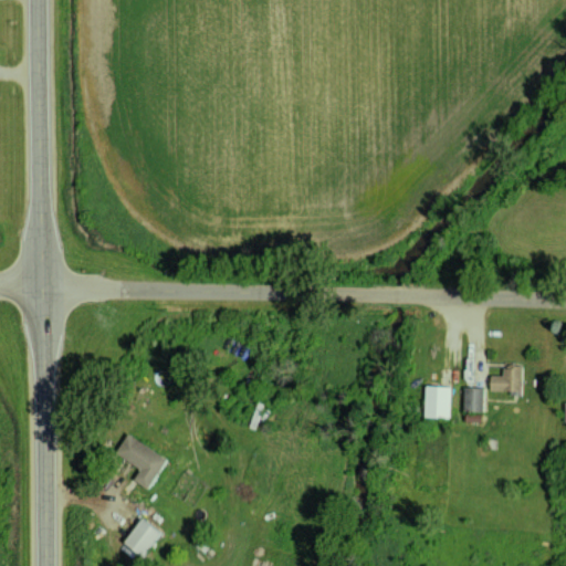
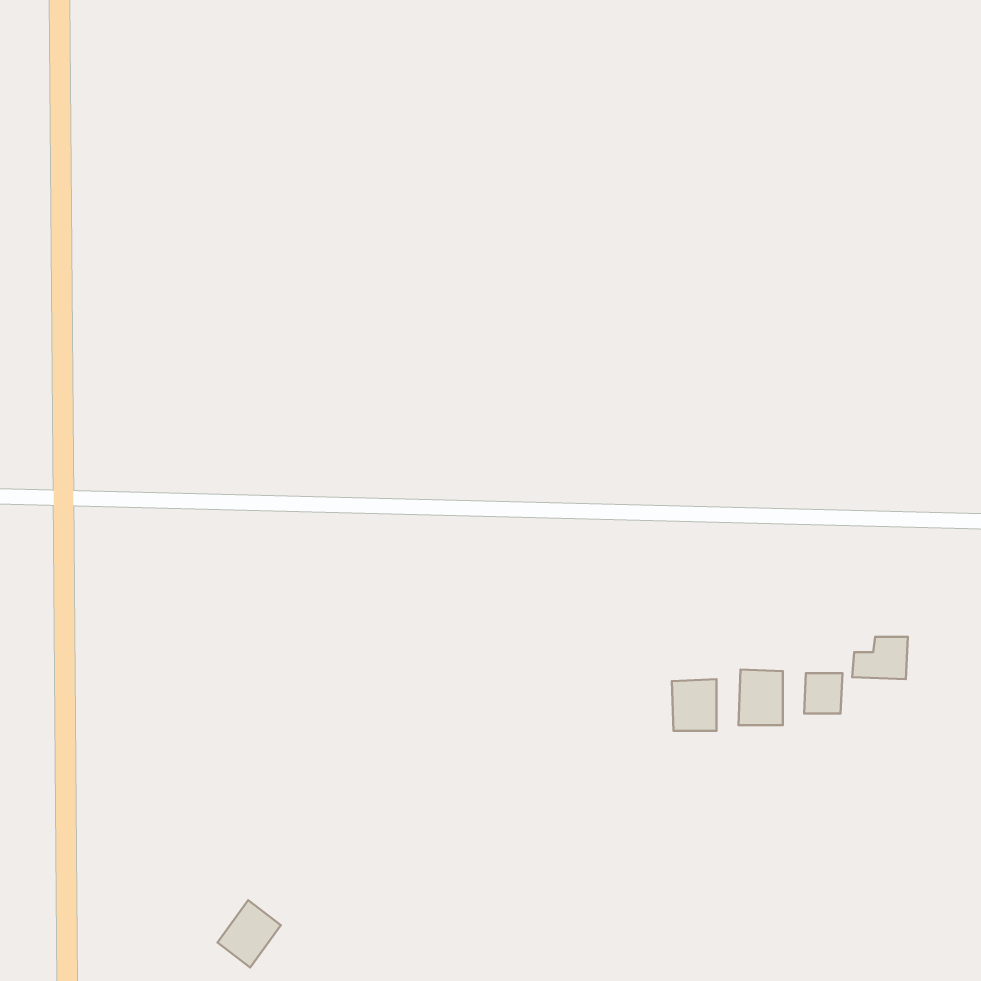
building: none -> [672,679,717,731]
building: [116,434,167,490] -> none

